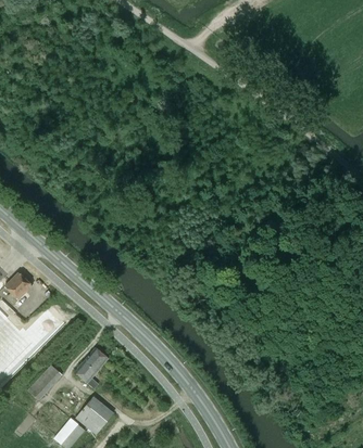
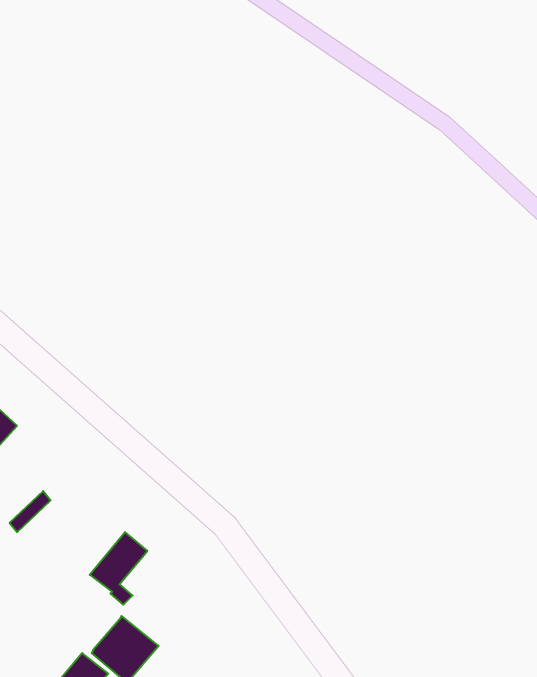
building: [27,364,62,400] -> none

